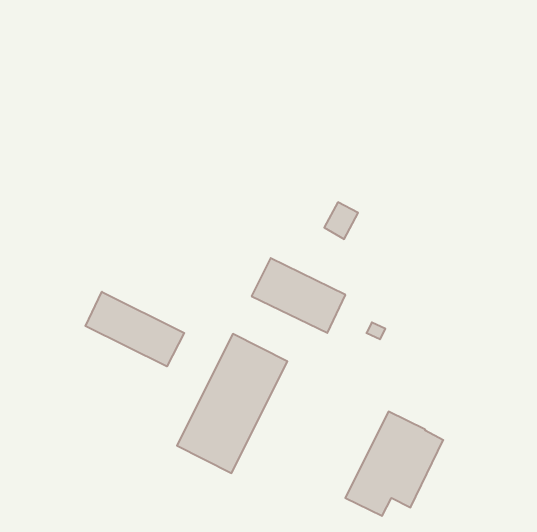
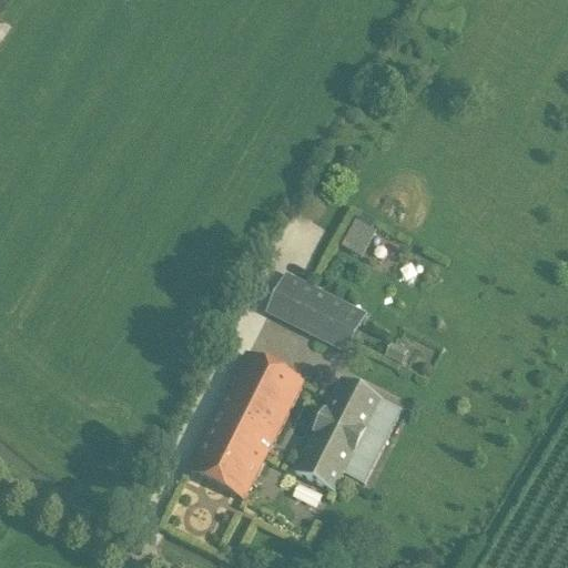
building: [85,292,184,366] -> none
building: [345,412,443,516] -> [296,378,399,488]

